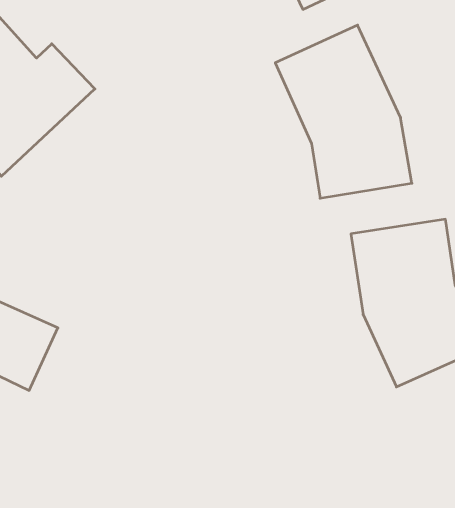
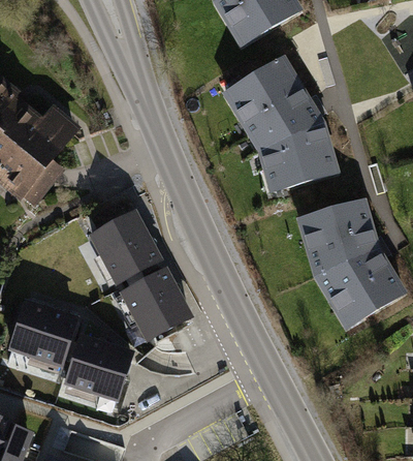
building: none -> [87,210,164,286]
building: none -> [119,267,194,342]
building: none -> [64,332,135,401]

